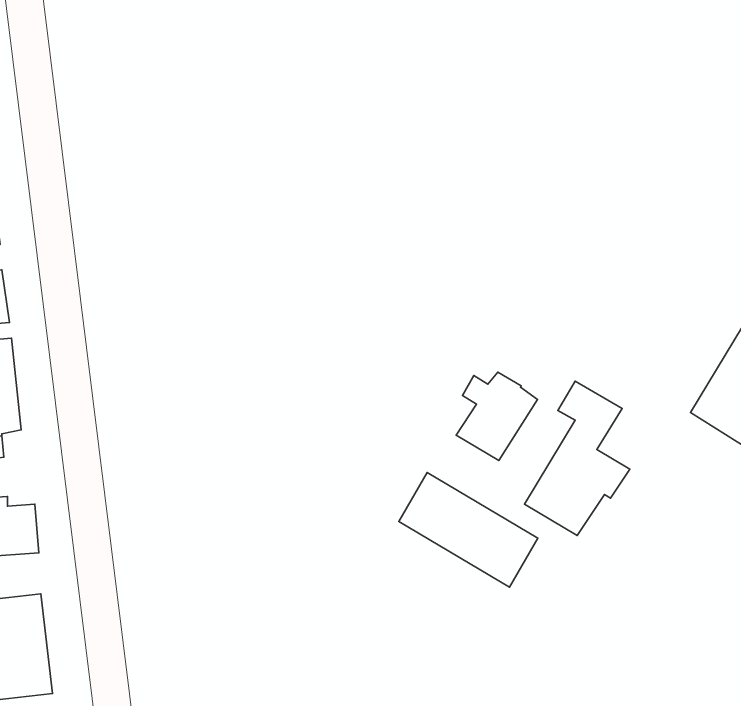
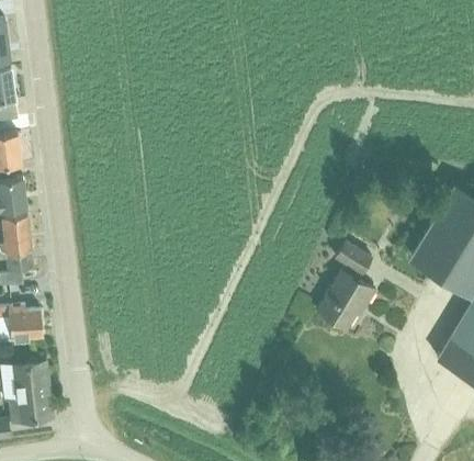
building: [456,372,538,460] -> none
building: [399,473,538,587] -> none

